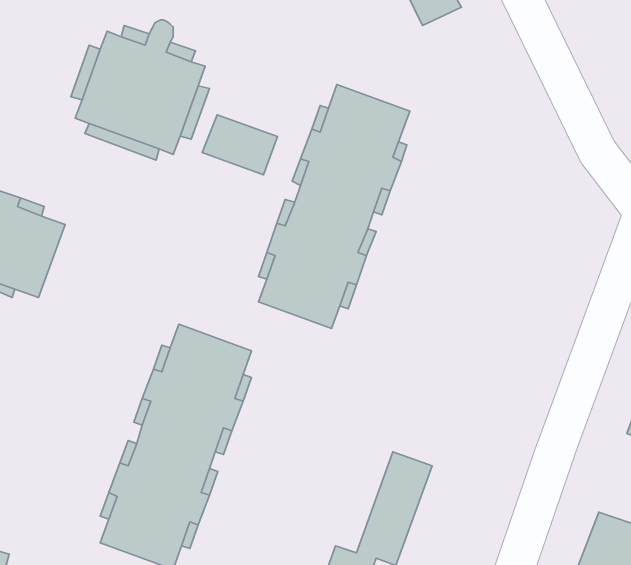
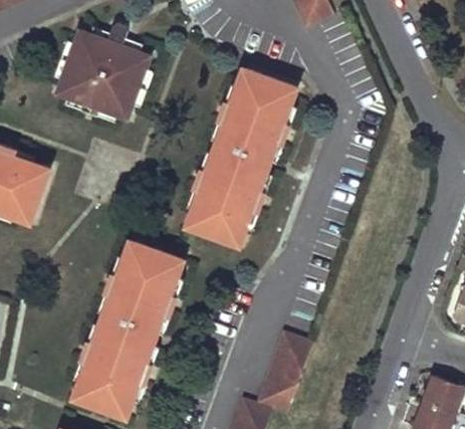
building: [202,115,278,175] -> none

